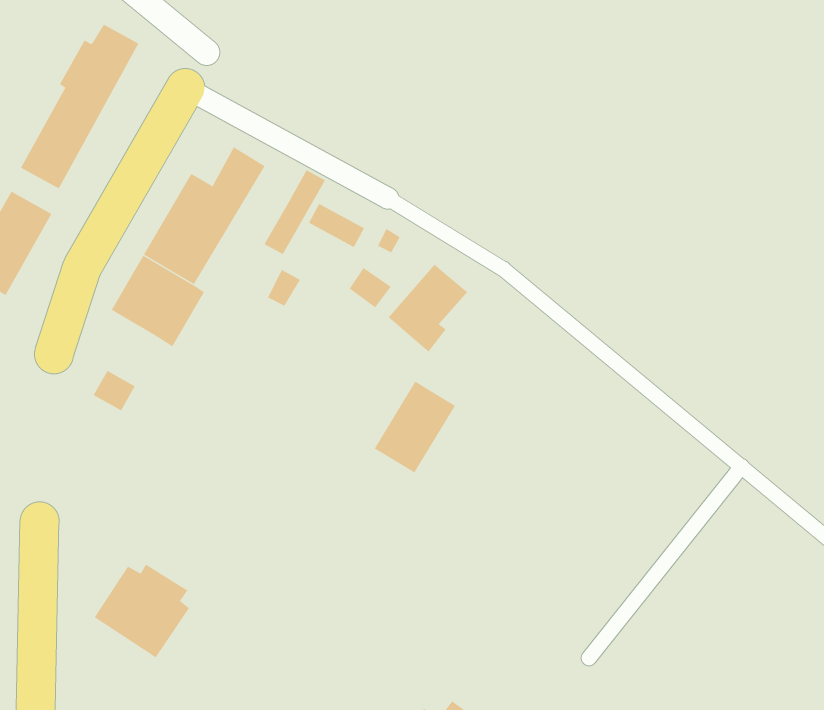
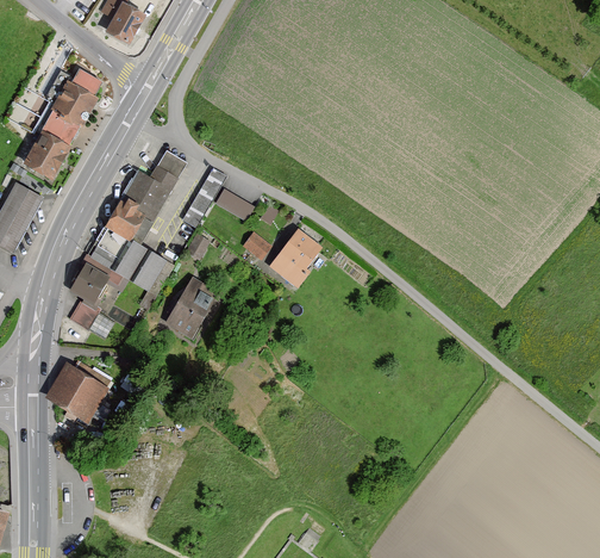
building: none -> [132,253,167,293]
building: none -> [69,262,112,306]
building: [374,381,456,473] -> [165,278,220,340]
building: [94,564,190,658] -> [45,361,110,424]

